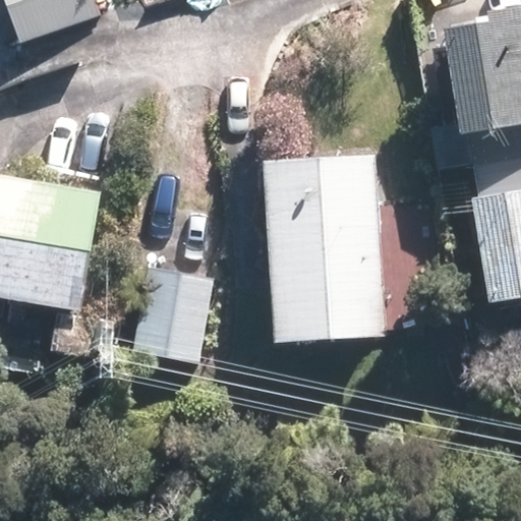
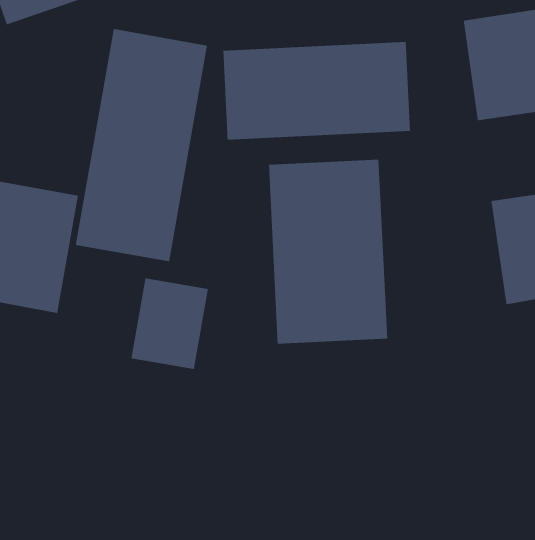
building: none -> [75,28,208,262]
building: none -> [223,41,411,140]

